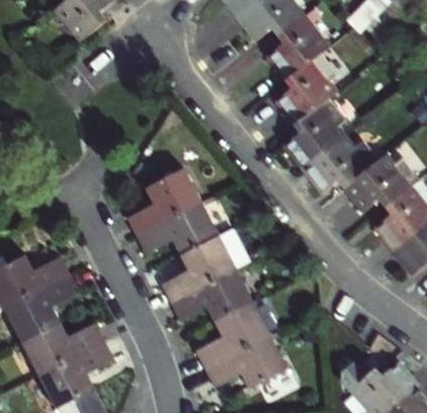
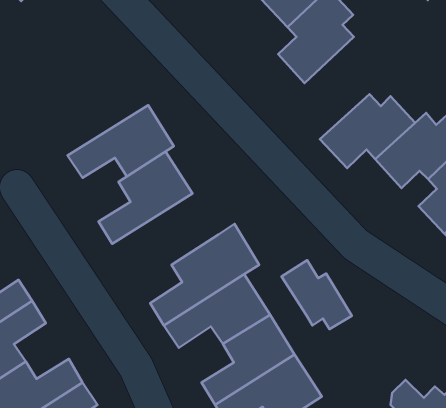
building: [285,92,346,169] -> none
building: [136,202,219,256] -> [68,105,174,178]
building: none -> [282,260,352,329]

